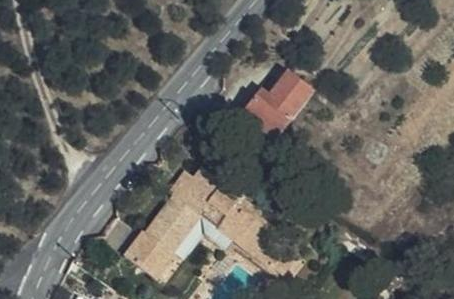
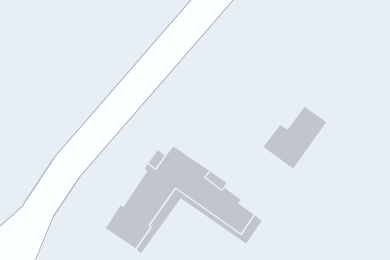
building: [238,64,309,134] -> [263,106,327,170]

